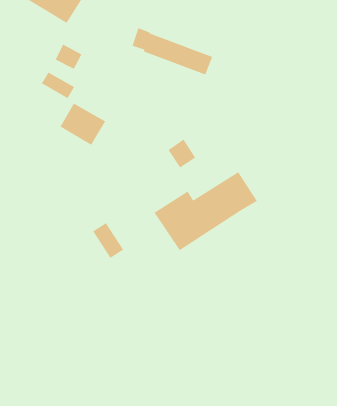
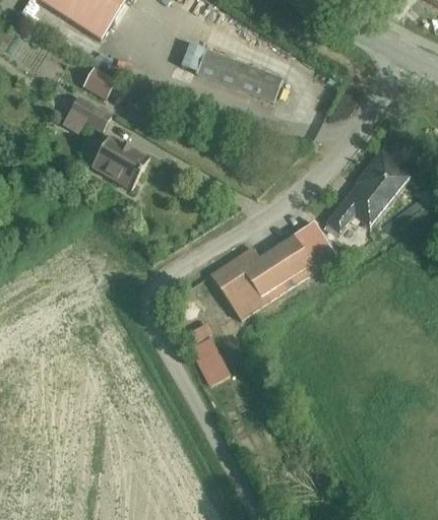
building: none -> [327,153,409,232]
building: [168,138,196,168] -> none
building: [92,222,124,259] -> [191,338,231,384]

